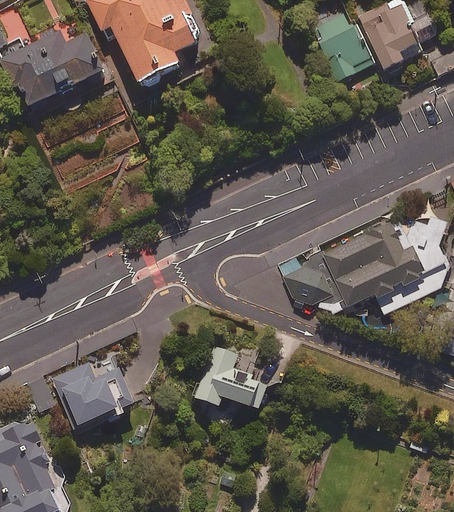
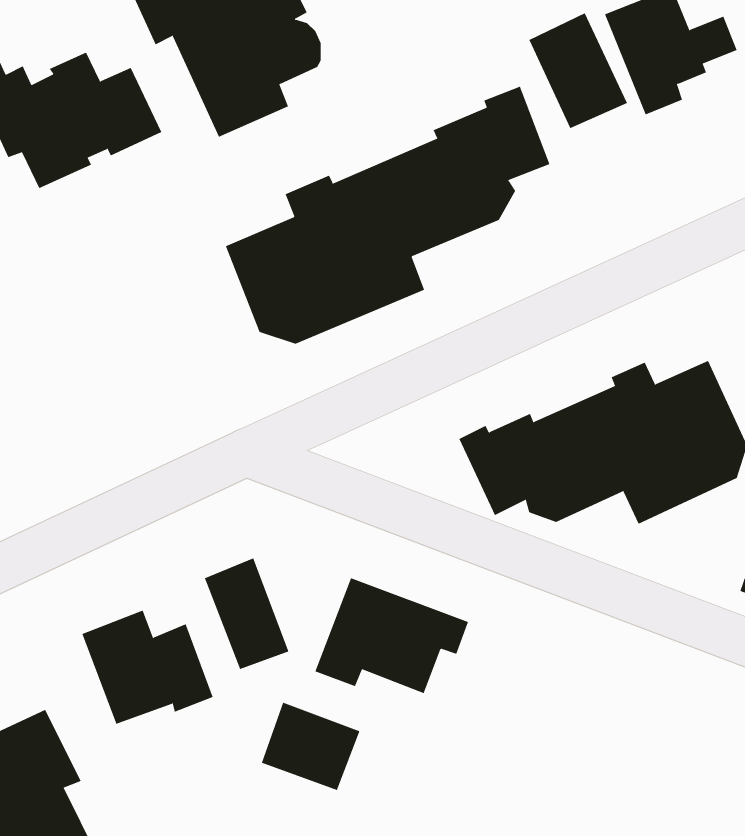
building: none -> [225,86,550,344]
building: none -> [204,557,289,670]
building: none -> [261,702,360,791]

